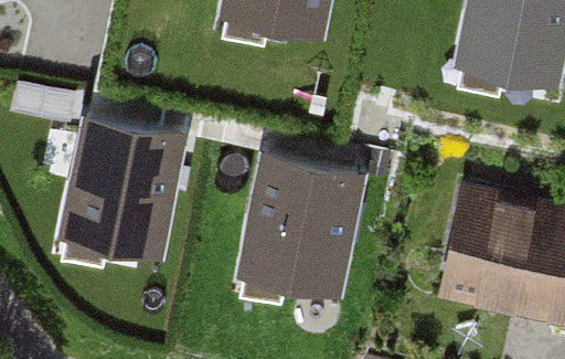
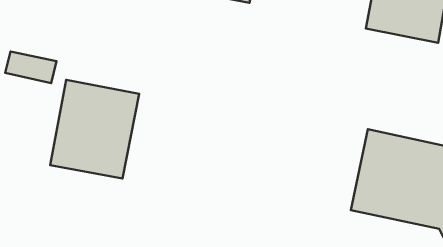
building: [245,162,356,286] -> none

